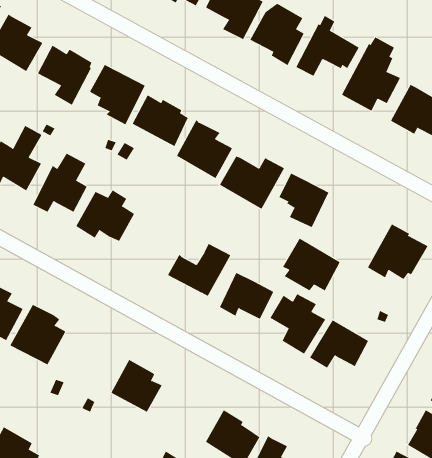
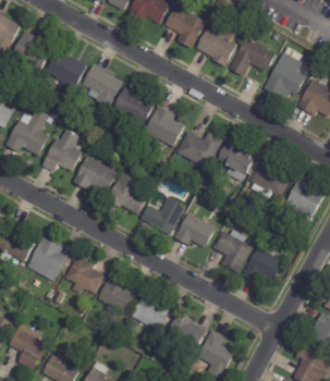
building: none -> [106,170,148,214]
building: [282,238,340,291] -> [247,160,289,198]
building: none -> [64,256,103,295]
building: none -> [132,294,169,331]

